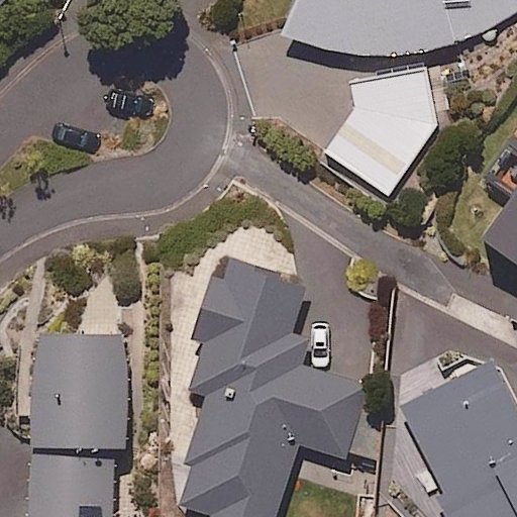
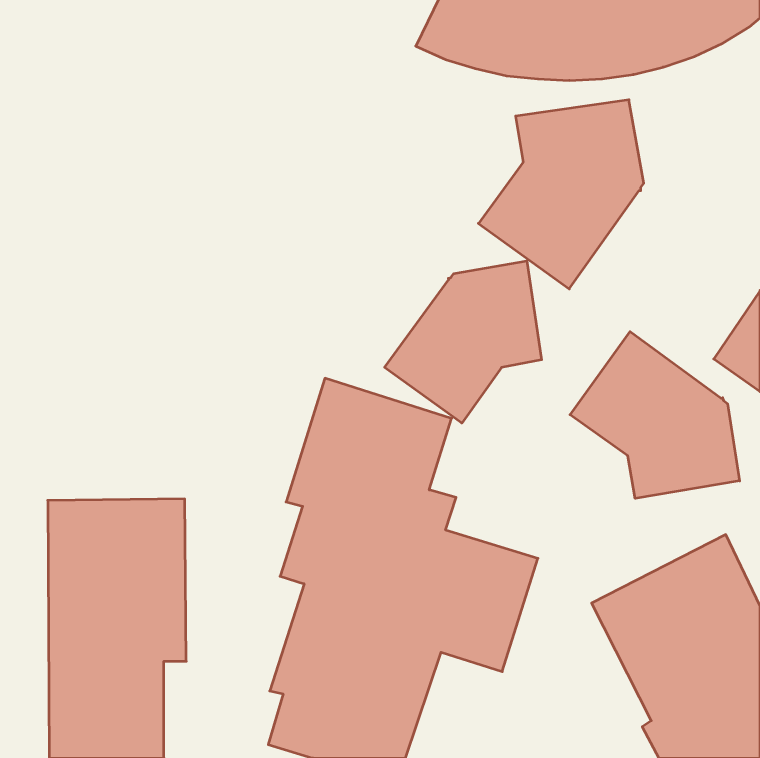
building: none -> [385,261,542,423]
building: none -> [570,332,740,498]

